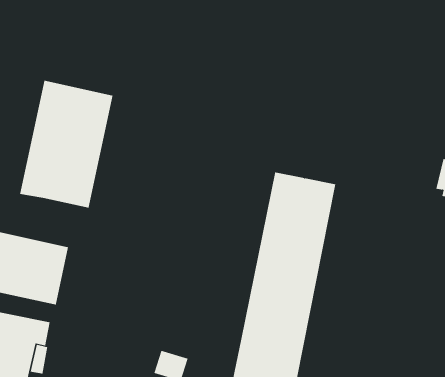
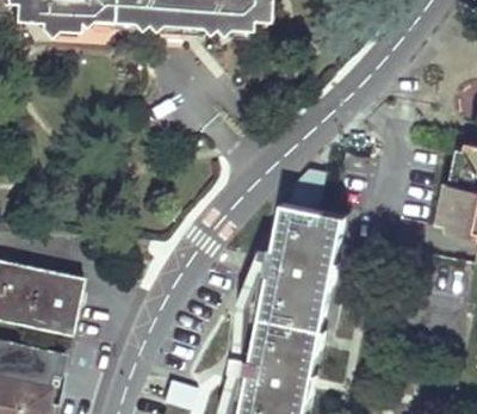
building: [19,80,113,209] -> none

